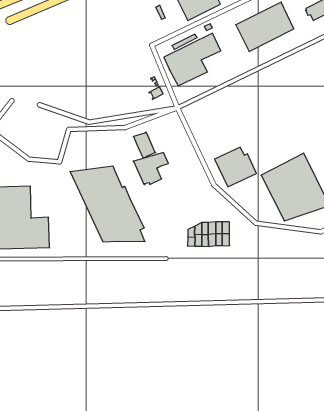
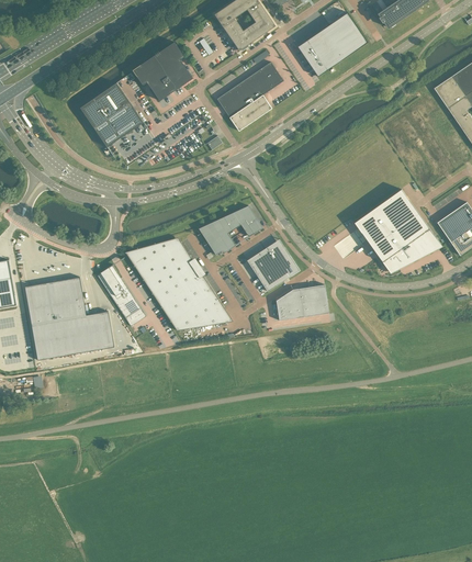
building: none -> [133,42,193,101]
building: none -> [80,83,144,147]
building: [133,132,156,158] -> [234,205,263,237]
building: [215,147,256,187] -> [247,241,300,291]
building: none -> [98,265,146,326]

